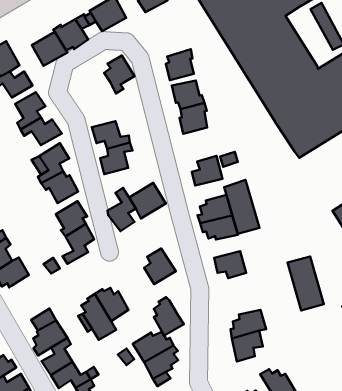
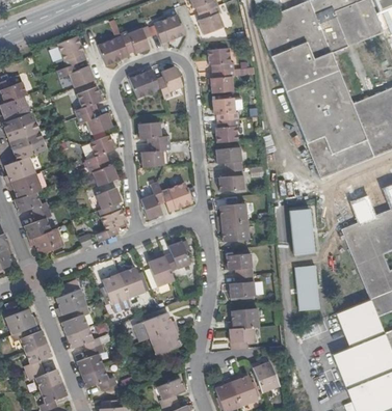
building: none -> [211,49,237,74]
building: none -> [129,70,162,98]
building: none -> [218,147,244,169]
building: [224,180,259,234] -> [285,211,310,256]
building: none -> [230,273,256,295]
building: [154,297,184,336] -> [150,251,175,284]

